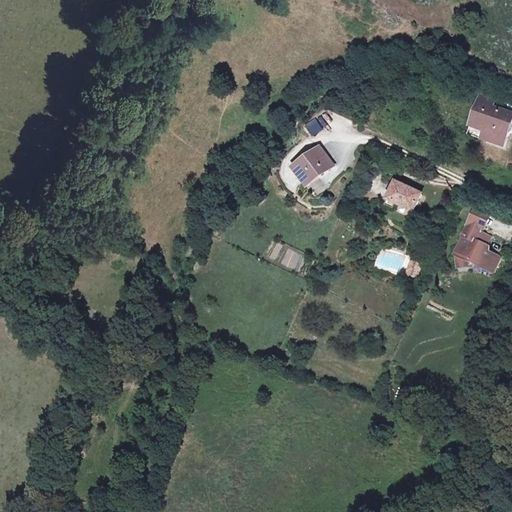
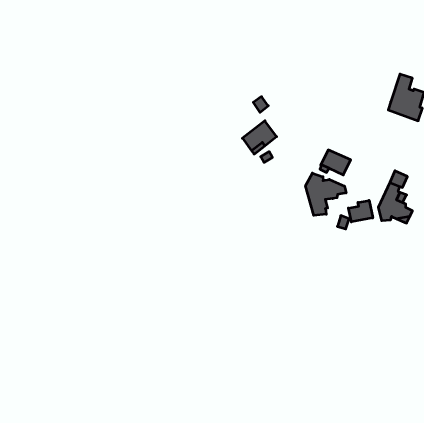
building: none -> [306,173,346,215]
building: none -> [348,200,373,222]

